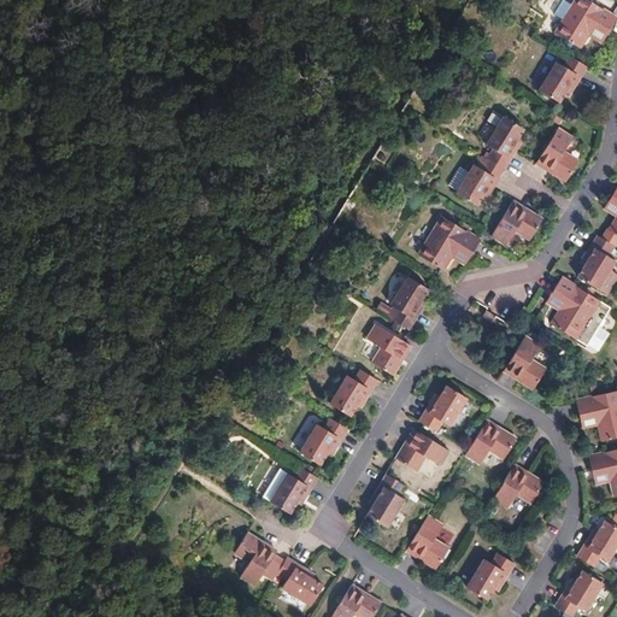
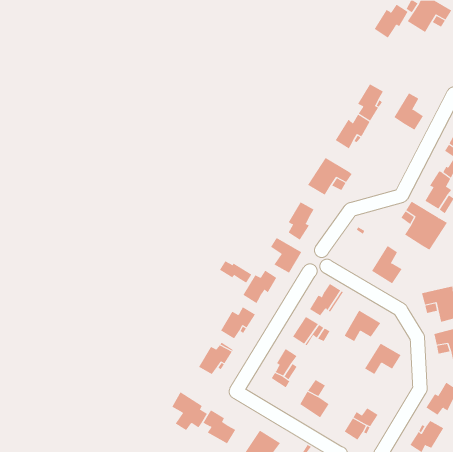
building: [539,54,586,101] -> [374,4,409,39]
building: [490,199,542,243] -> none
building: none -> [219,261,252,284]

